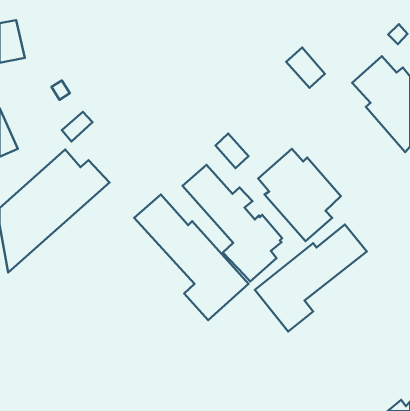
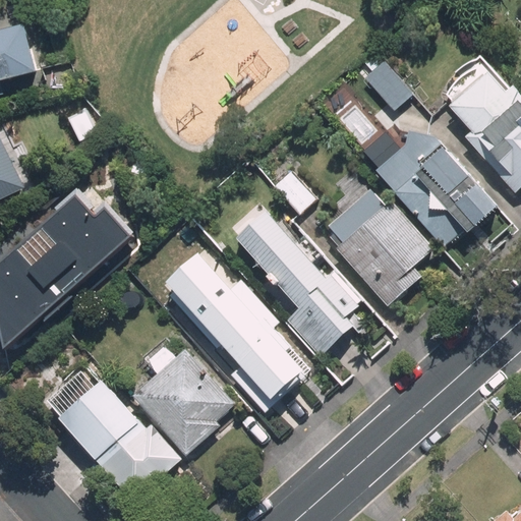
building: none -> [375,130,496,246]
building: [255,225,367,331] -> none
building: none -> [130,346,234,454]
building: none -> [55,381,179,503]

